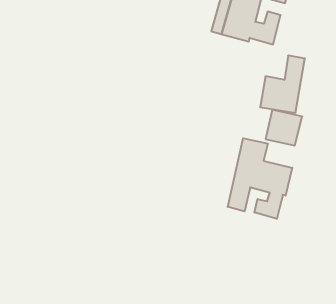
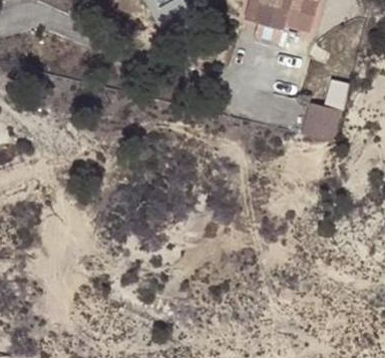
building: [228,138,292,219] -> none

